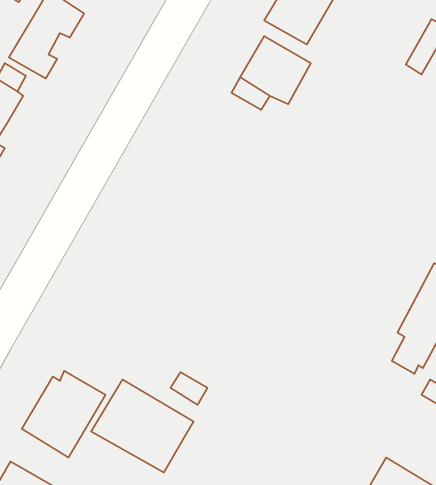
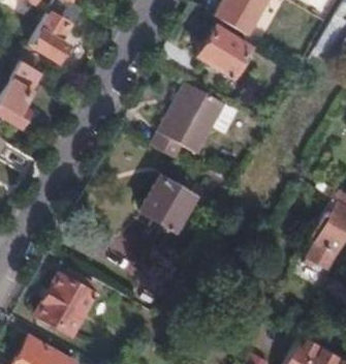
building: none -> [151,83,238,158]
building: none -> [141,179,194,230]
building: [91,380,194,472] -> none

